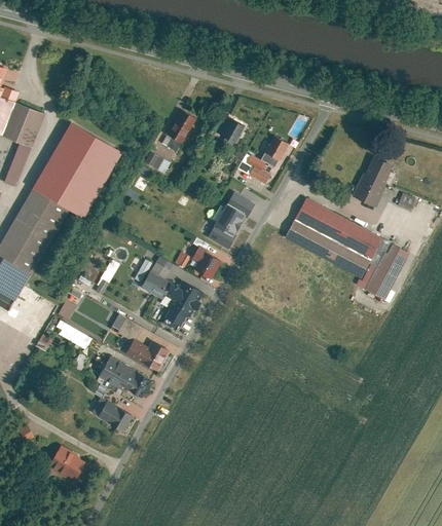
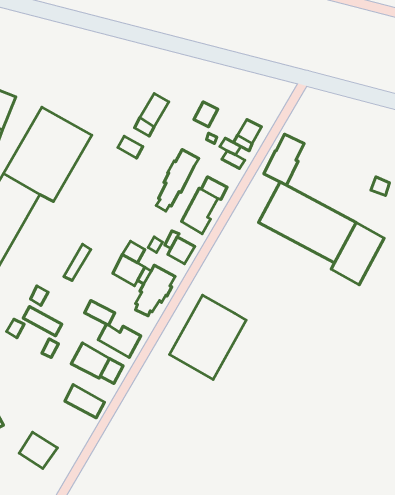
building: [353,156,393,206] -> [264,134,304,185]
building: none -> [156,149,199,211]
building: none -> [170,295,246,379]

